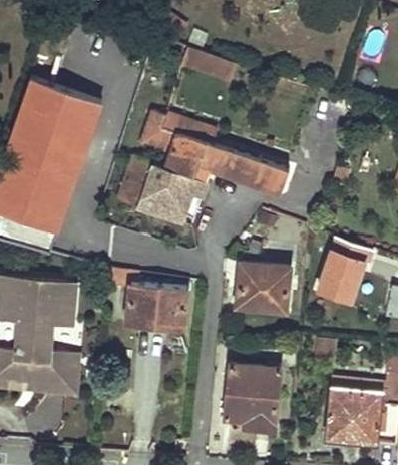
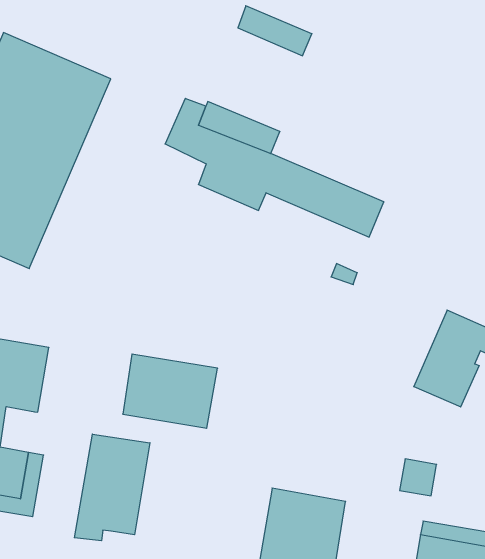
building: [118,156,207,226] -> none
building: [236,263,290,312] -> none
building: none -> [74,434,150,541]

